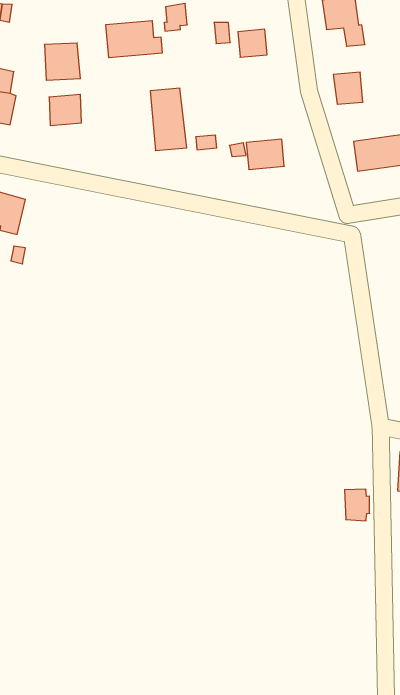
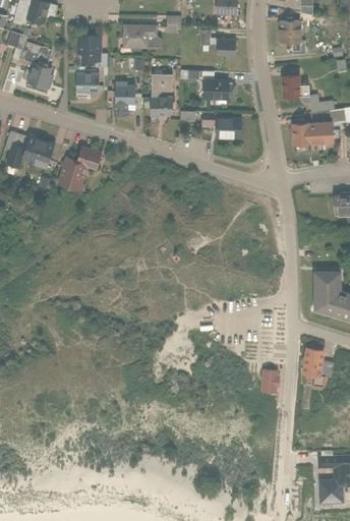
building: none -> [203,81,234,99]
building: none -> [113,81,134,116]
building: none -> [57,149,101,192]

